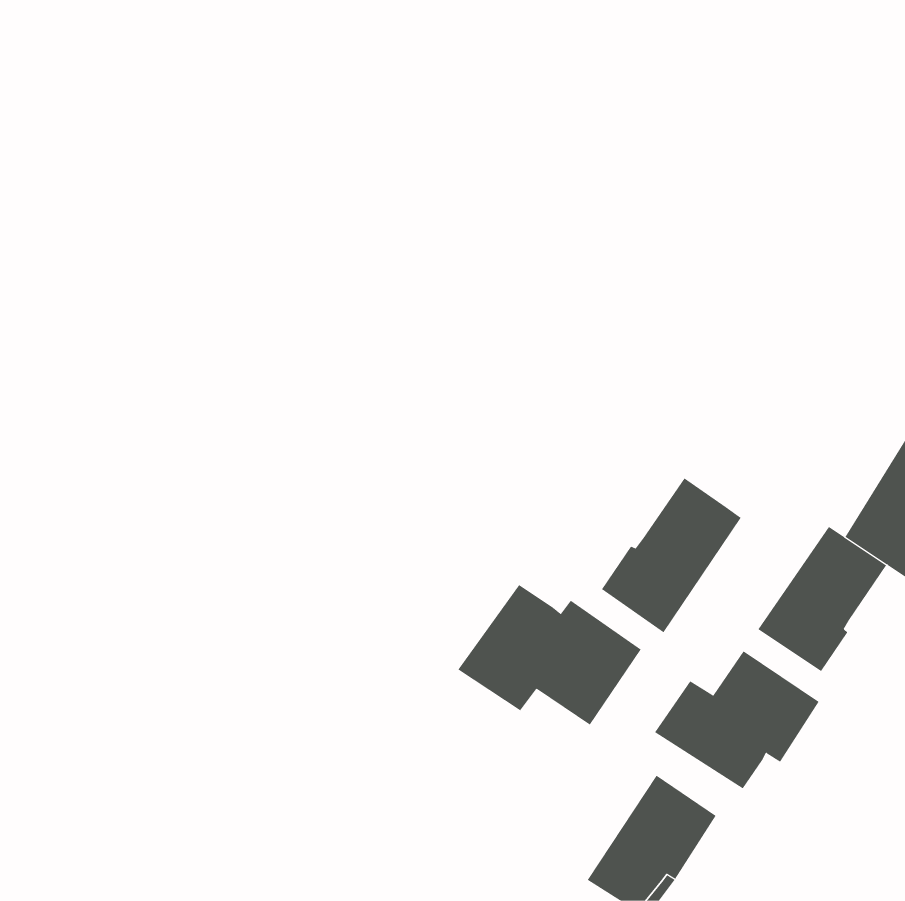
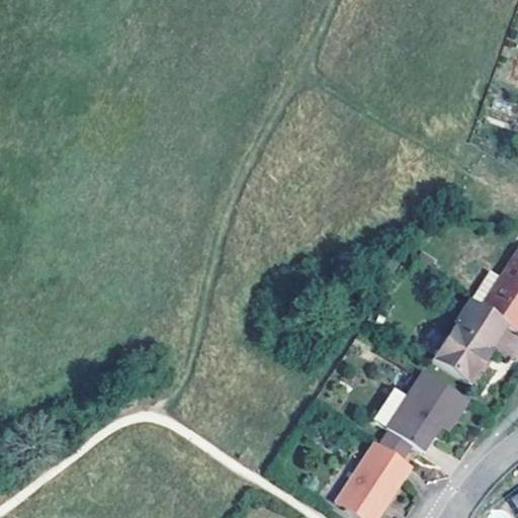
building: [601,477,742,633] -> none
building: [458,584,641,725] -> none

